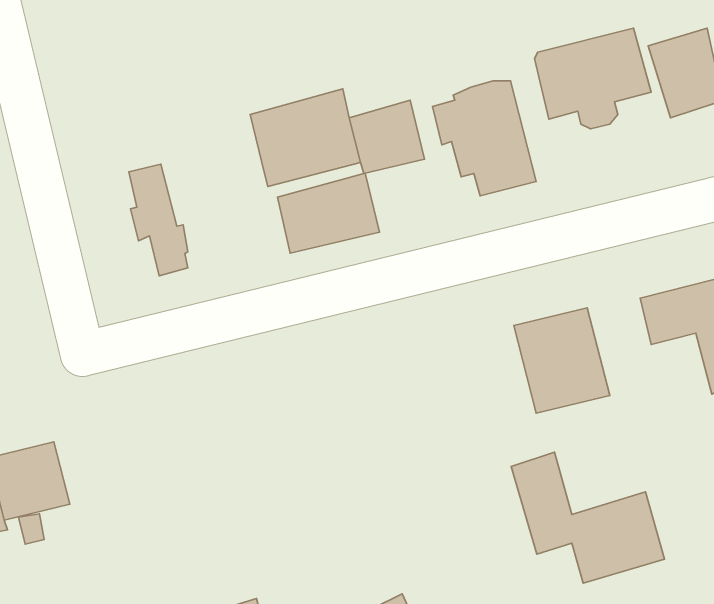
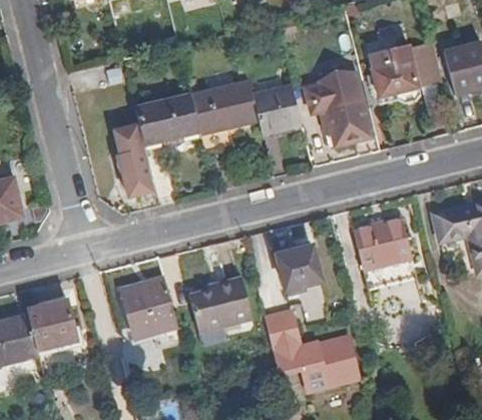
building: [277,173,380,253] -> [134,94,198,144]
building: none -> [277,244,320,289]
building: none -> [119,273,178,336]
building: none -> [192,276,255,331]
building: [511,452,665,583] -> [267,306,363,388]

